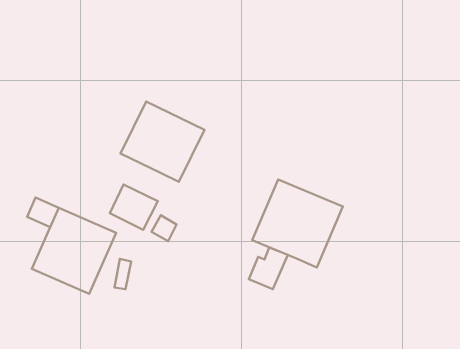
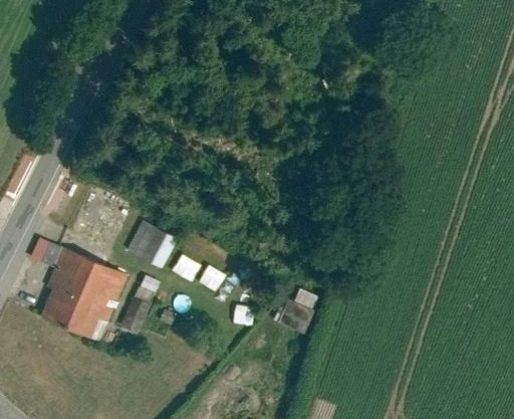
building: [120,101,204,182] -> none
building: [252,179,343,267] -> none

